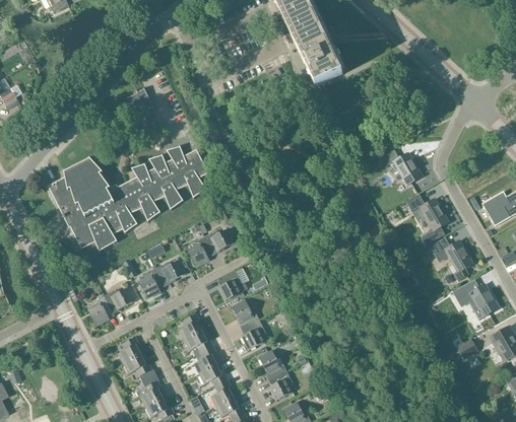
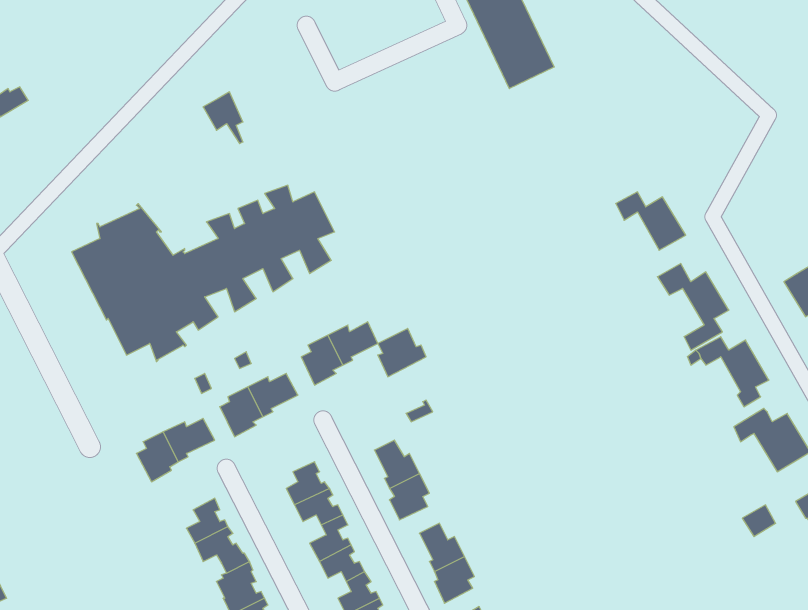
building: [217,271,247,300] -> [378,328,426,377]

